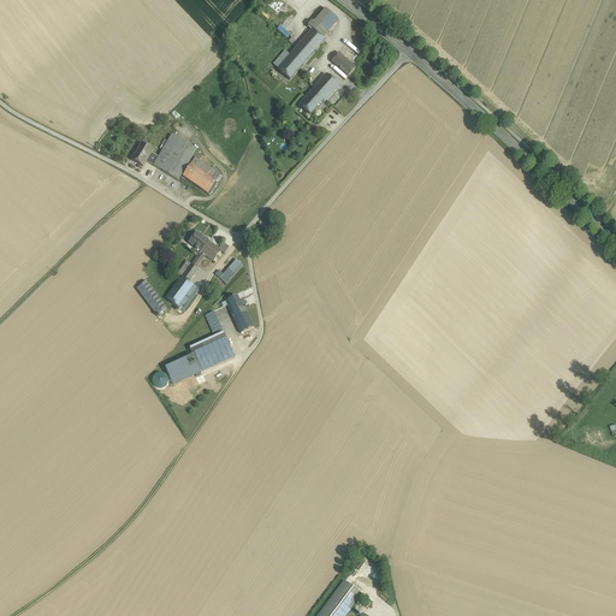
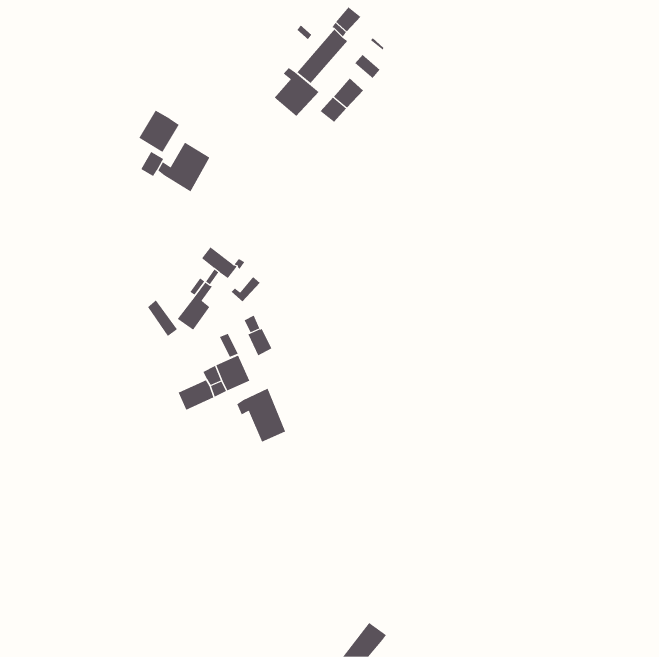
building: none -> [274,67,319,117]
building: none -> [139,110,180,153]
building: [183,155,220,191] -> none
building: none -> [237,388,286,442]

